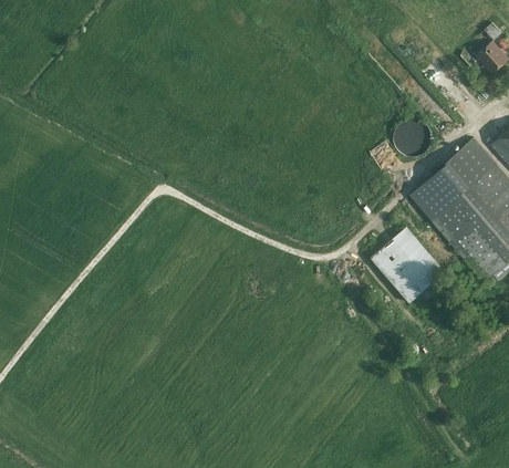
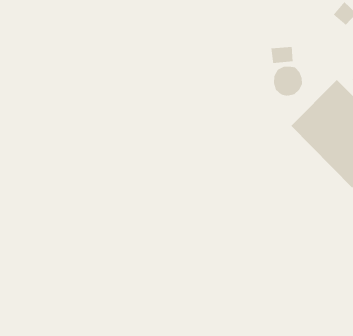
building: none -> [271,46,293,64]
building: [368,227,446,305] -> none

